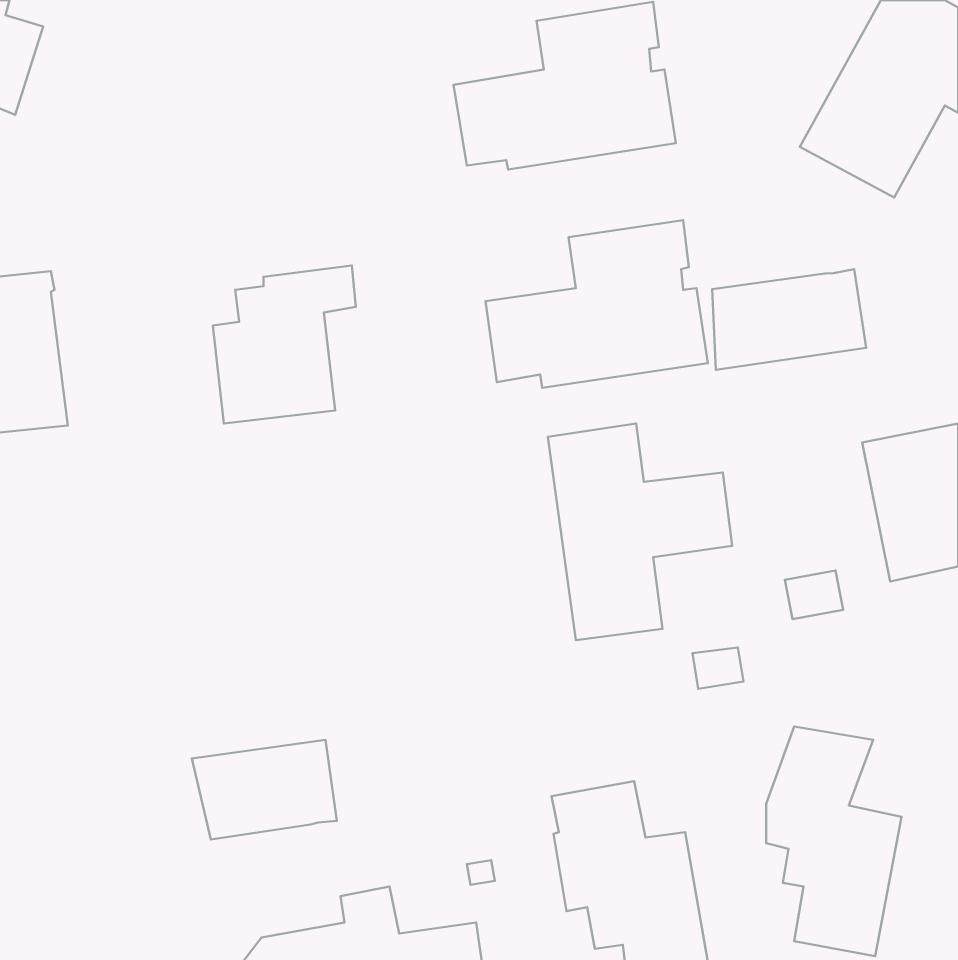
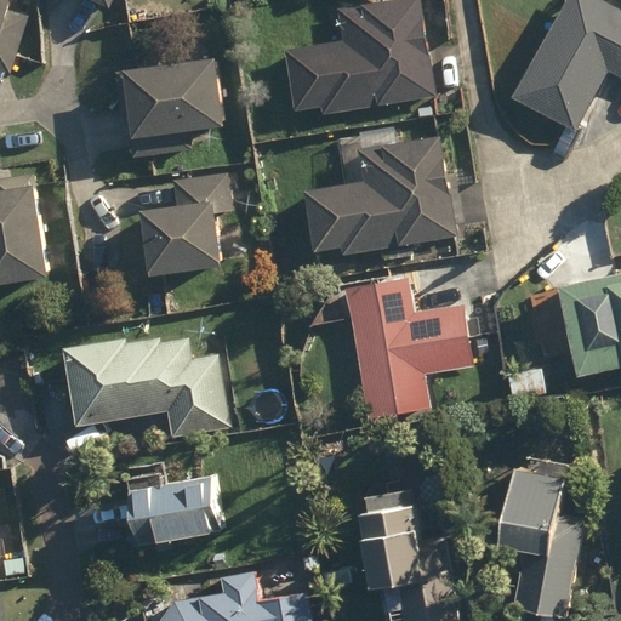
building: none -> [114,58,221,158]
building: [712,269,866,370] -> none
building: none -> [59,337,229,439]

